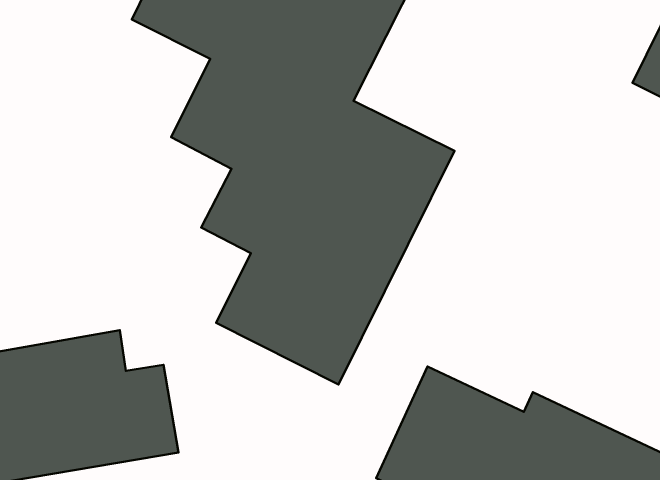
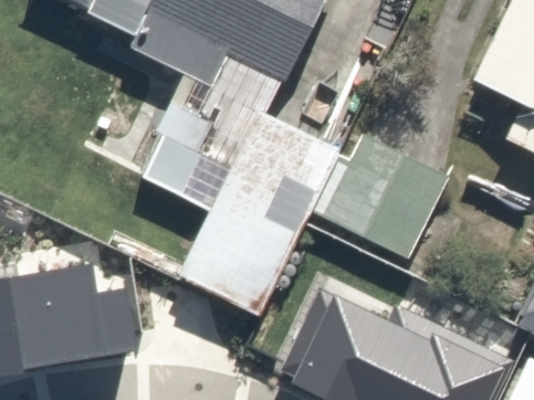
building: none -> [312,135,453,264]

